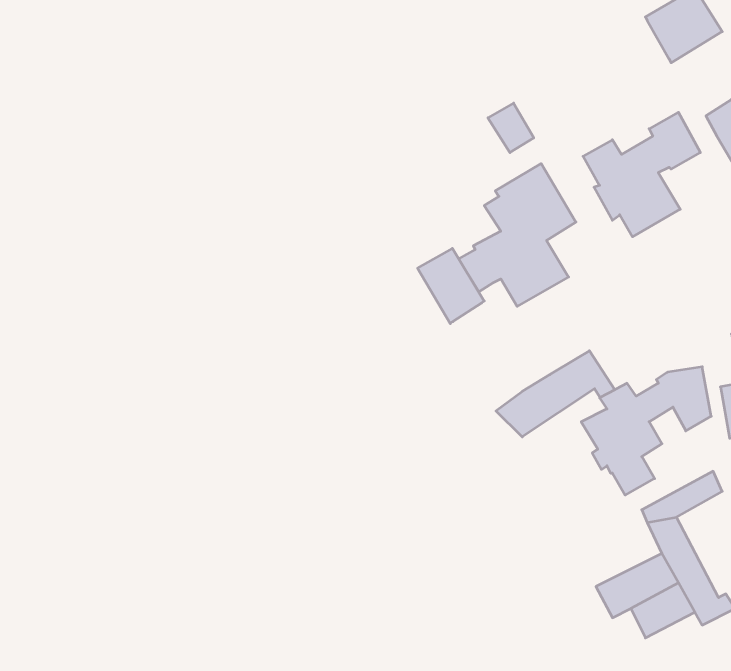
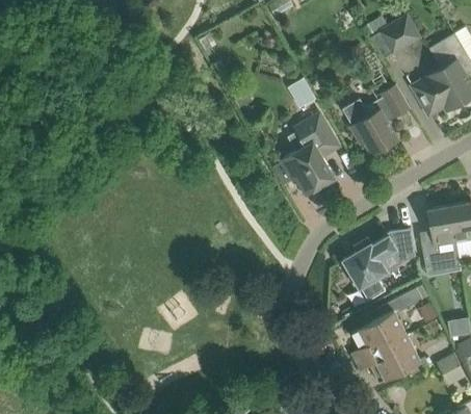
building: [418,248,484,324] -> none
building: [496,351,615,437] -> none
building: none -> [351,317,388,348]

